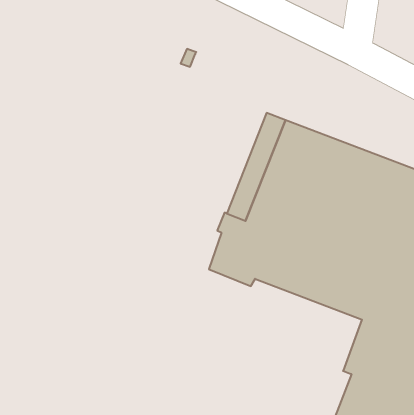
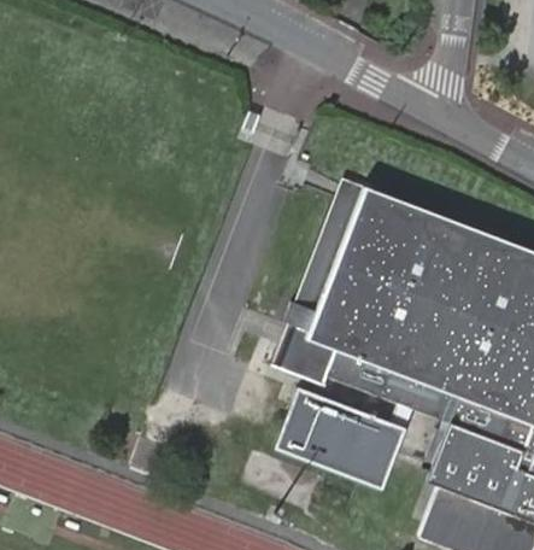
building: none -> [276,385,406,485]

